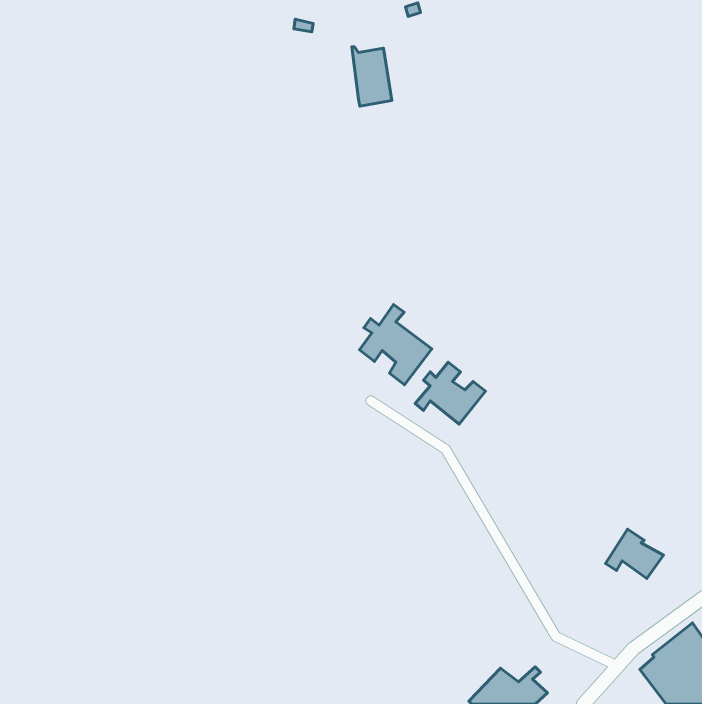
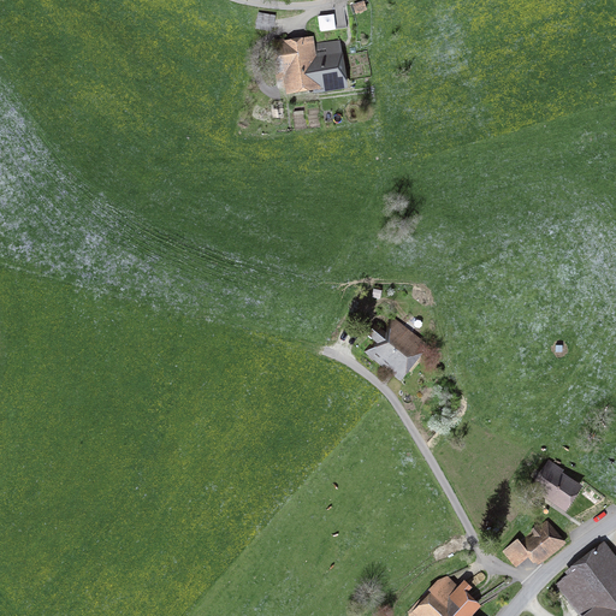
building: none -> [278,41,315,90]
building: [359,304,432,385] -> none
building: none -> [508,522,559,563]

